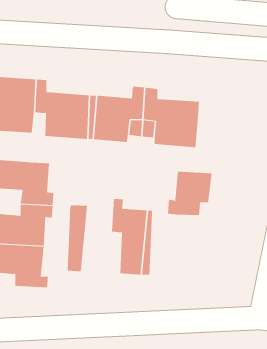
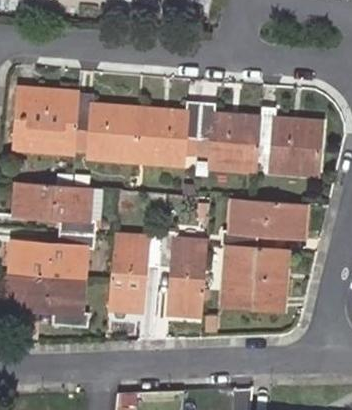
building: none -> [255,105,319,172]
building: none -> [267,196,306,233]
building: none -> [126,224,161,306]
building: none -> [224,242,289,306]

